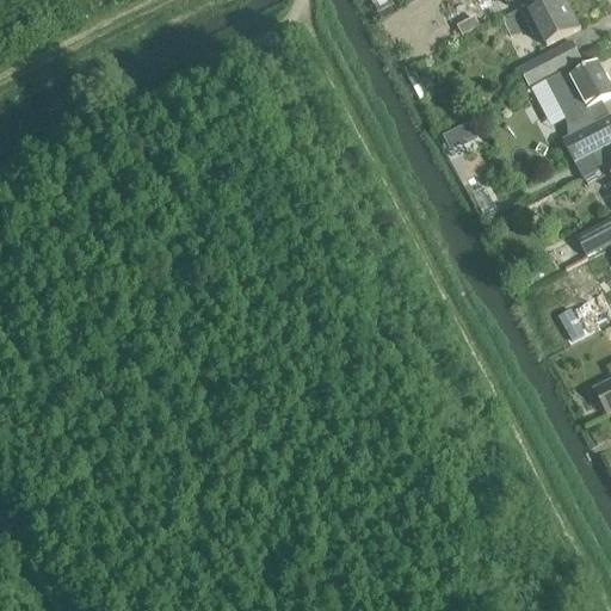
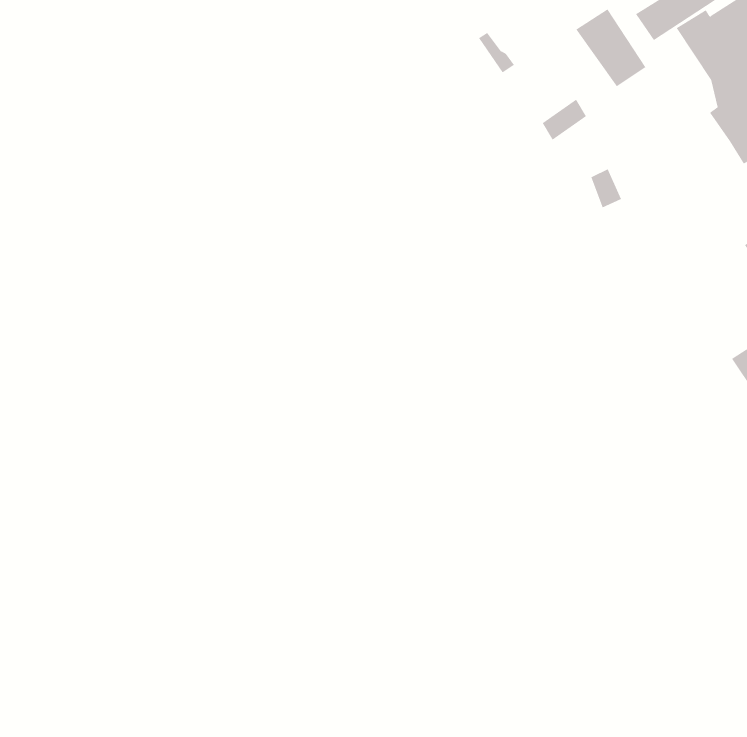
building: none -> [576,9,646,87]

